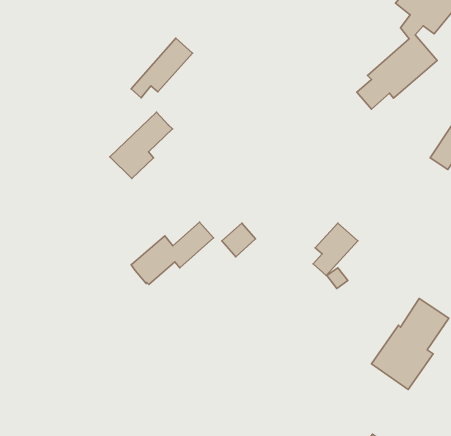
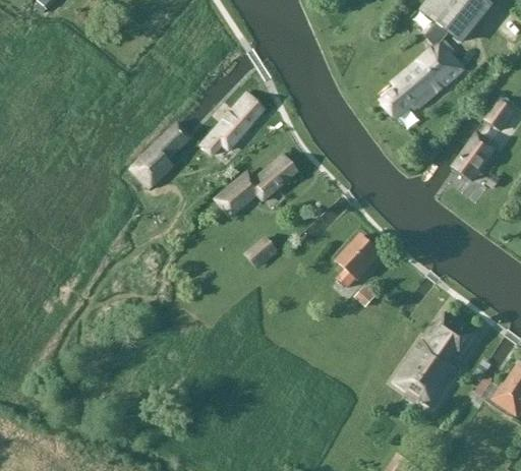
building: [131,38,193,98] -> [200,94,264,155]
building: [131,222,213,285] -> [213,154,297,218]

